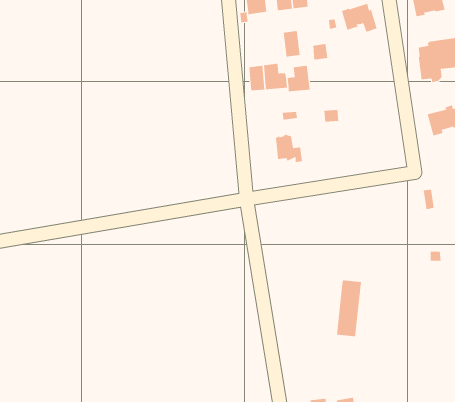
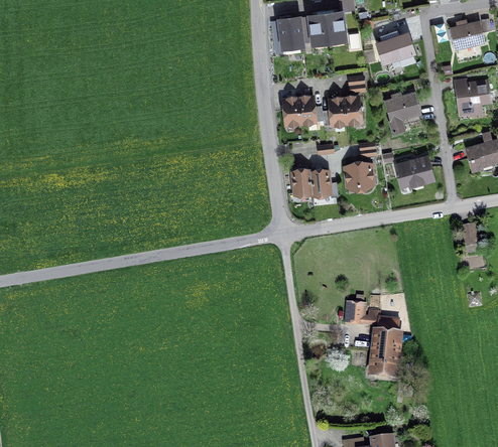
building: [283,31,301,57] -> [344,96,362,123]
building: none -> [385,93,420,133]
building: none -> [396,157,432,185]
building: none -> [346,161,373,189]
building: none -> [292,168,313,195]
building: none -> [346,302,379,324]

